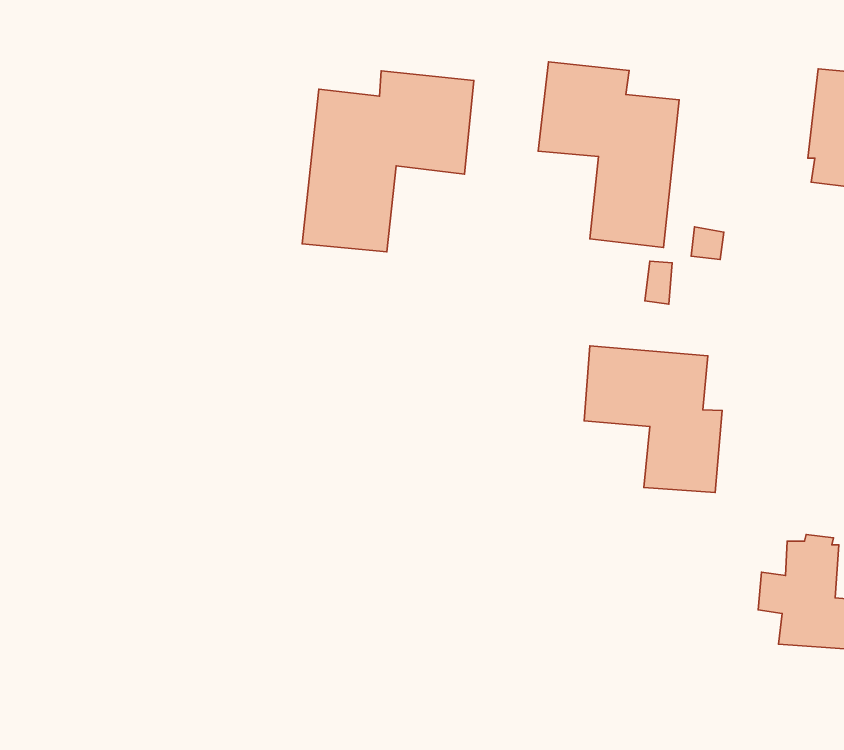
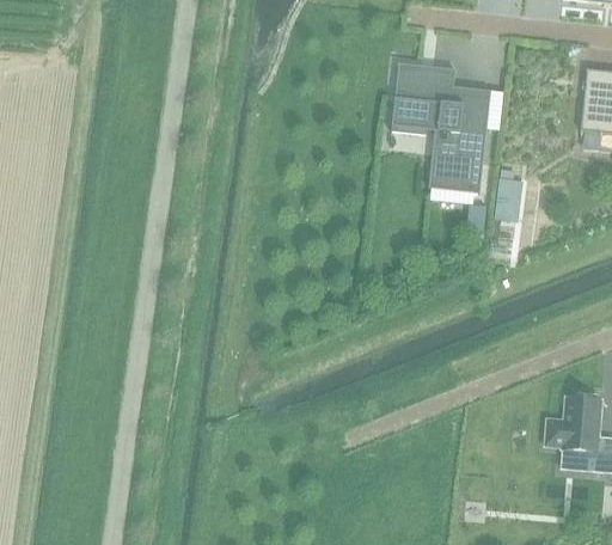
building: [302,71,474,252] -> none
building: [584,346,722,493] -> none

